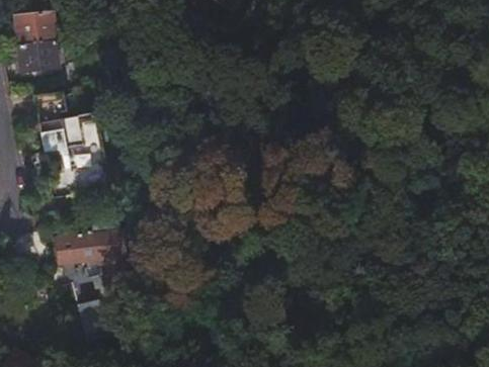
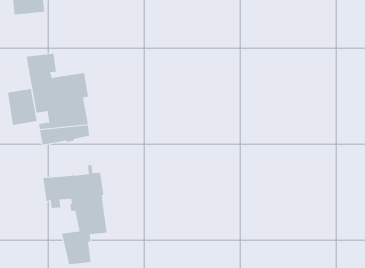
building: [19,39,64,70] -> none
building: none -> [8,88,37,126]

